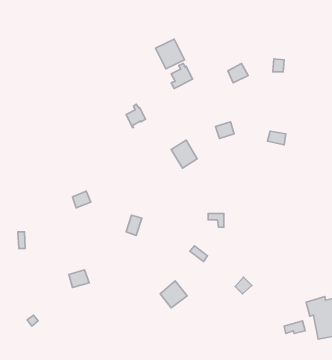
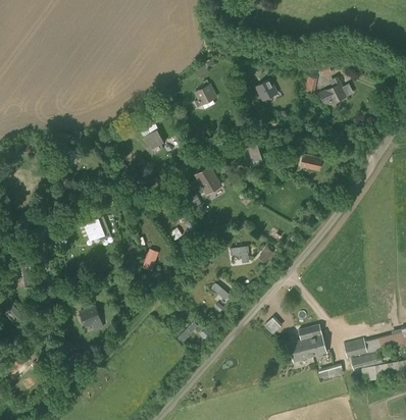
building: [155,39,184,69] -> none
building: none -> [319,77,352,103]
building: none -> [287,324,326,362]

